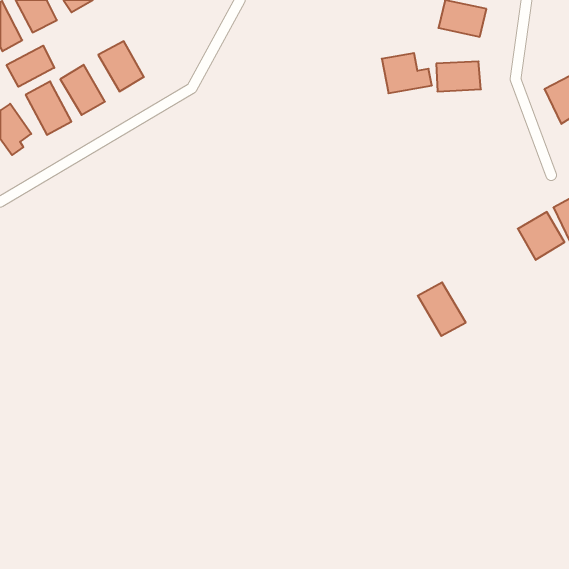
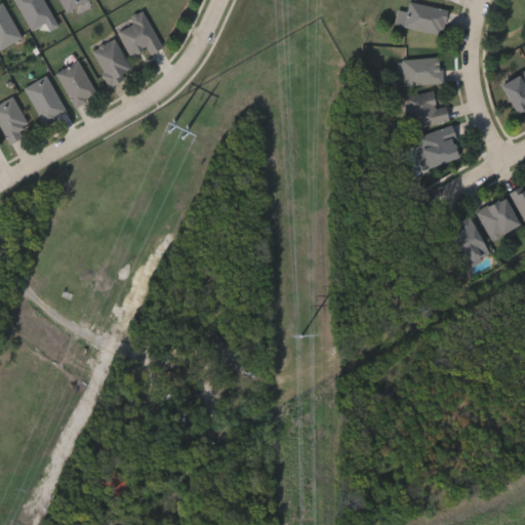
building: none -> [118,10,163,56]
building: [7,46,54,87] -> none
building: [382,53,432,93] -> [404,91,450,128]
building: none -> [415,126,460,167]
building: [418,282,466,336] -> [446,216,490,266]

